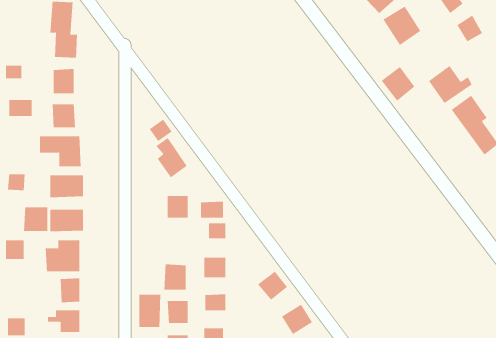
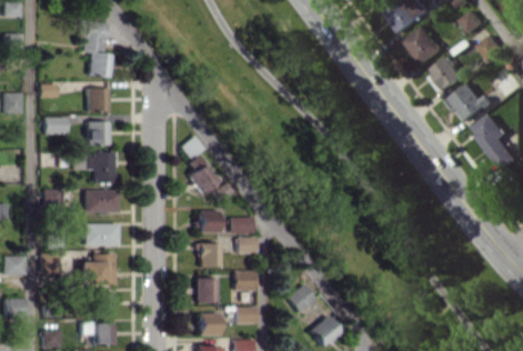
building: [381,66,415,102] -> [434,57,467,91]
building: [23,207,48,232] -> none
building: none -> [199,243,221,268]
building: [139,294,161,328] -> none

